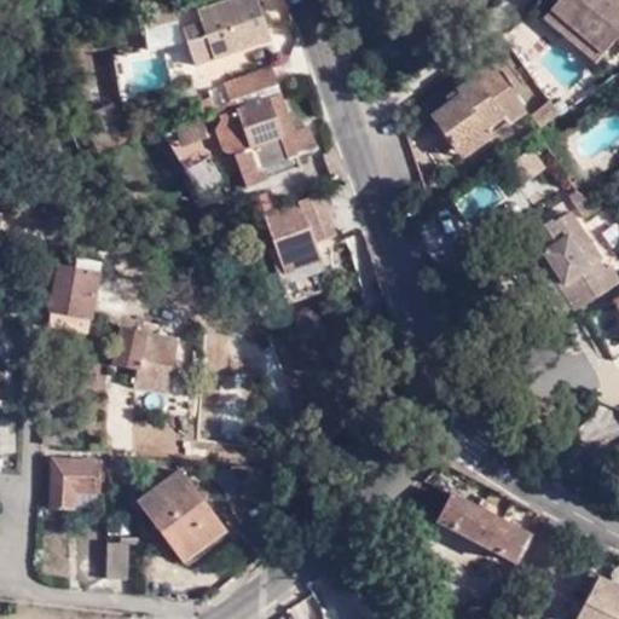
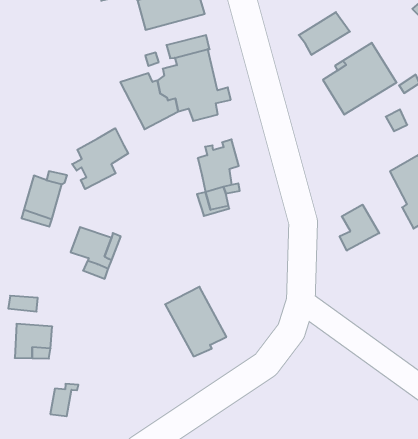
building: none -> [299,12,350,55]
building: none -> [72,128,128,189]
building: none -> [340,205,379,251]
building: [146,474,230,566] -> [165,287,226,356]
building: [434,491,527,560] -> none

